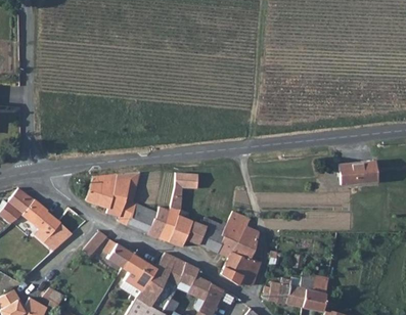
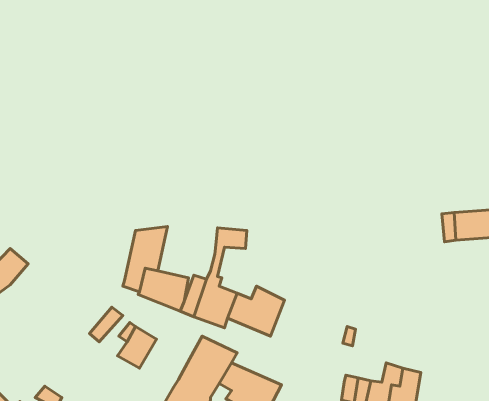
building: [85,174,116,211] -> none
building: [24,198,71,251] -> none
building: [215,210,259,284] -> none
building: [119,254,155,289] -> none

